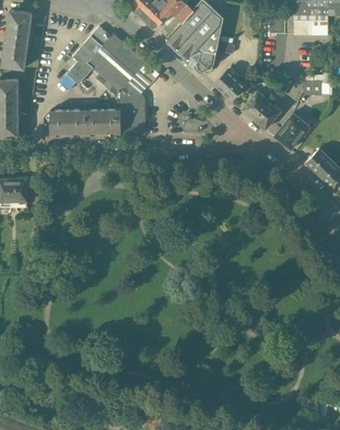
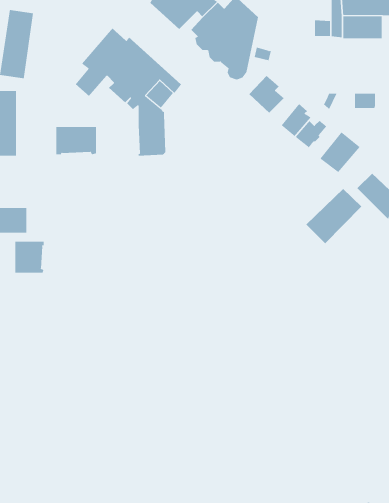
building: [85,109,121,133] -> none
building: none -> [306,188,362,244]
building: none -> [15,241,44,274]

